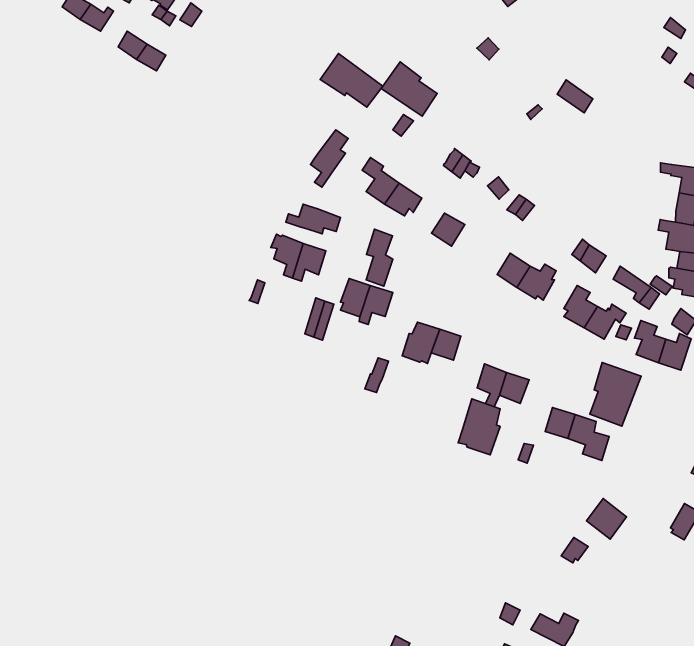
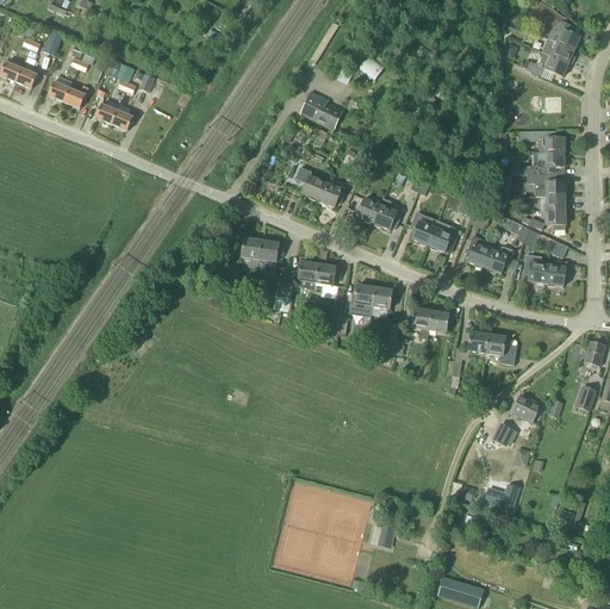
building: [320,54,383,107] -> none
building: [310,130,348,187] -> none
building: [286,204,341,234] -> none
building: none -> [373,198,402,229]
building: [366,229,393,286] -> none
building: [590,362,641,426] -> none
building: [458,399,500,455] -> none

